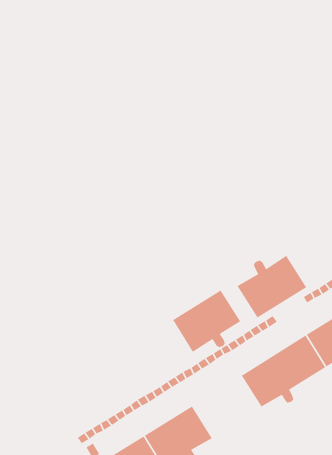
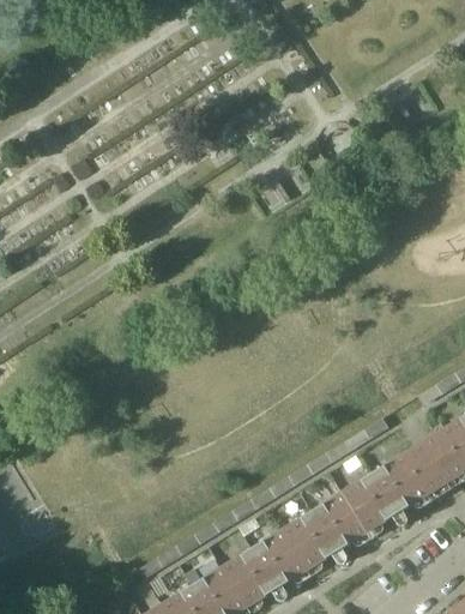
building: [237,255,307,319] -> none
building: [172,290,241,353] -> [282,493,367,571]

